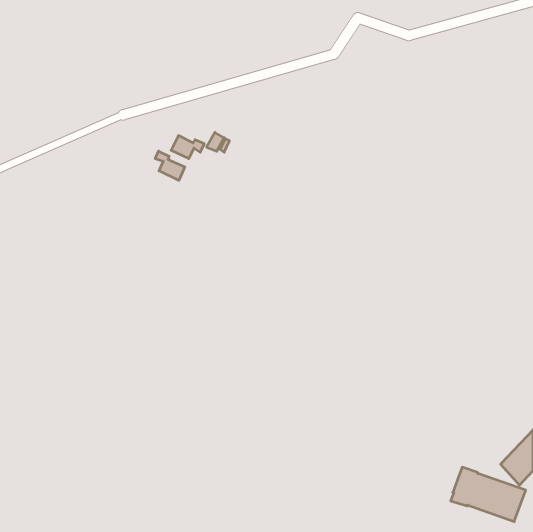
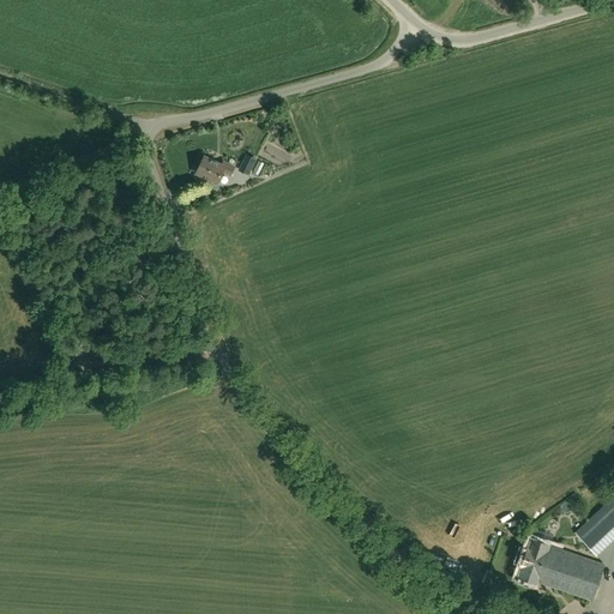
building: [155,151,185,180] -> none

